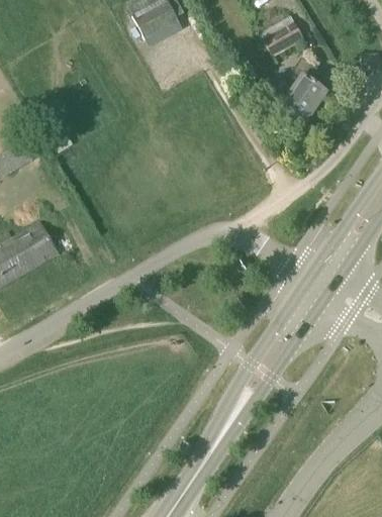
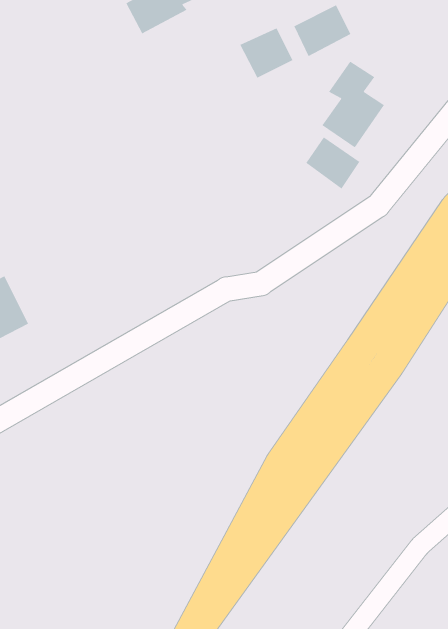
building: none -> [239,27,293,79]
building: none -> [305,137,360,190]

